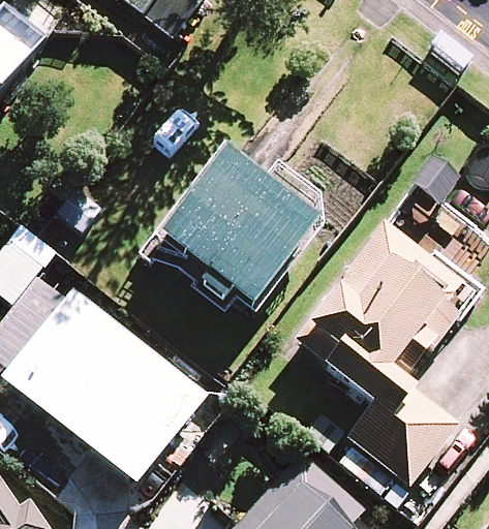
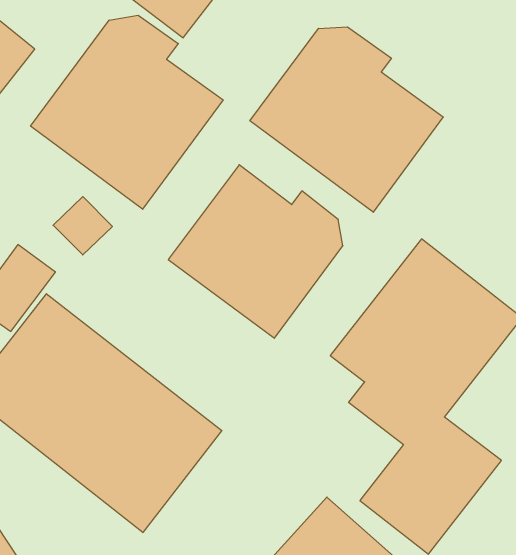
building: none -> [31,15,223,209]
building: none -> [250,27,443,212]

